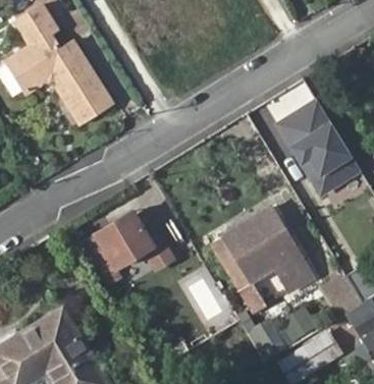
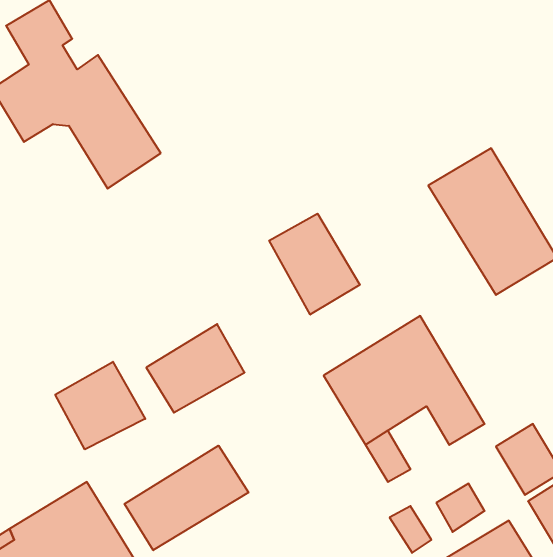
building: none -> [269,214,360,315]
building: none -> [55,362,145,449]
building: none -> [125,446,248,550]

